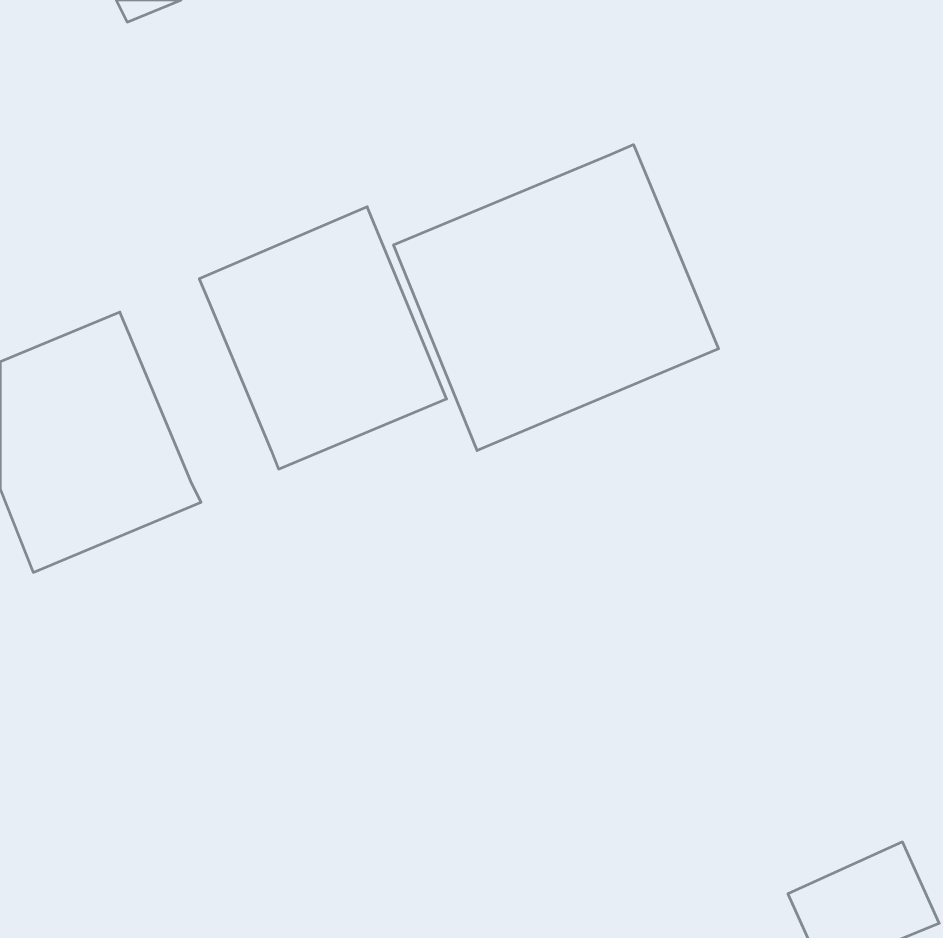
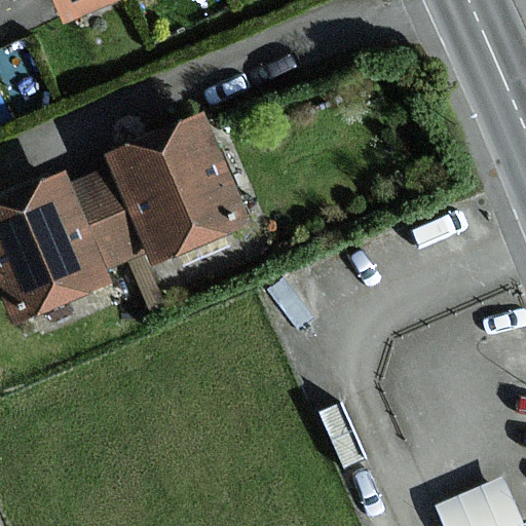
building: [394,145,719,451] -> none
building: none -> [72,171,151,272]

